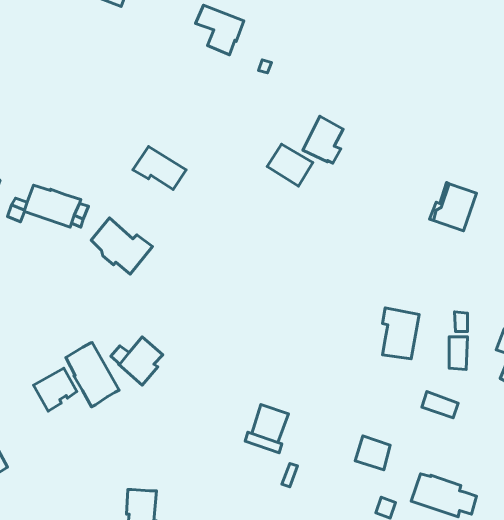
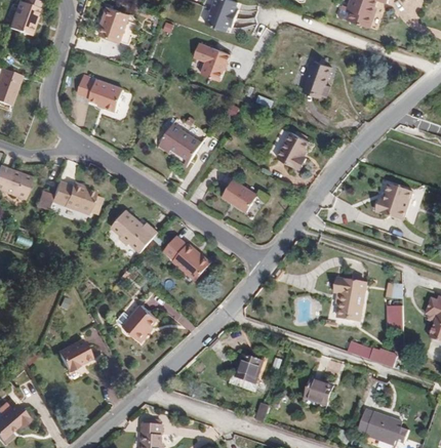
building: none -> [299,63,327,99]
building: none -> [79,76,127,116]
building: [267,144,313,186] -> [218,180,254,213]
building: [133,146,186,189] -> [154,124,196,158]
building: none -> [160,234,206,278]
building: [66,343,119,407] -> none

